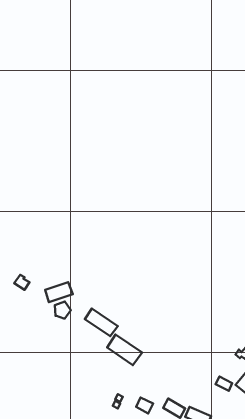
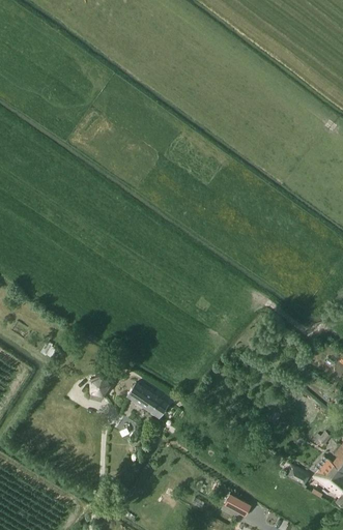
building: [45,282,73,302] -> none
building: [107,334,142,365] -> none

